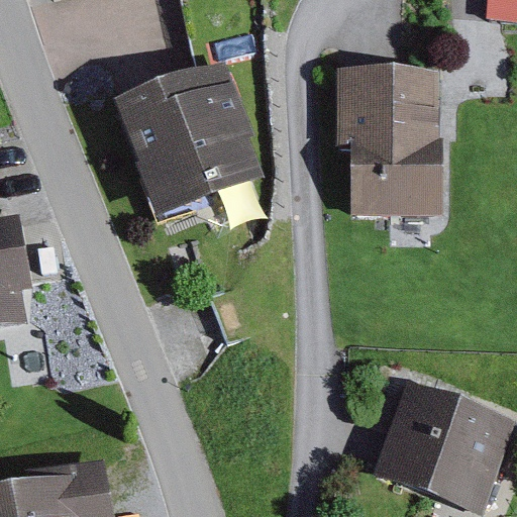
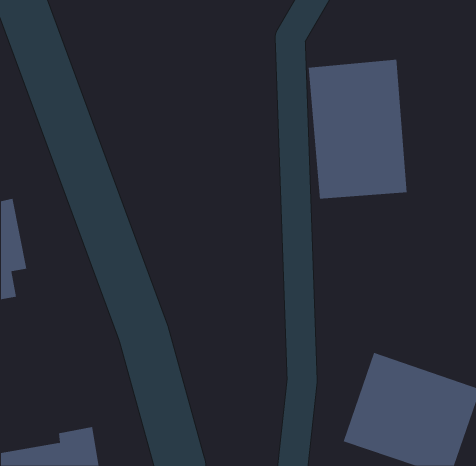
building: [112,61,265,214] -> none

